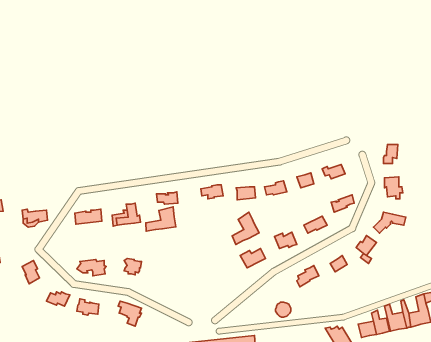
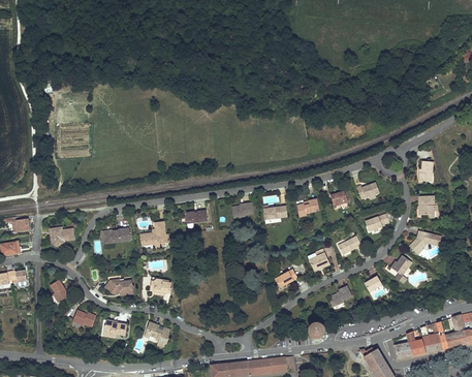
building: [146,207,176,231] -> none
building: [232,212,259,245] -> none

